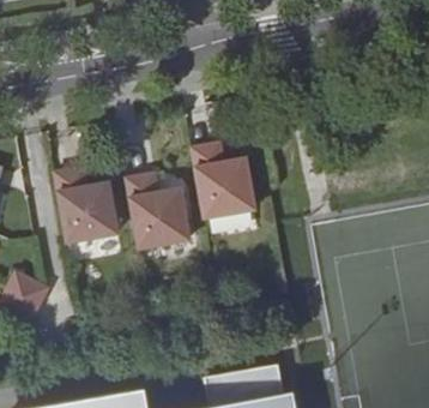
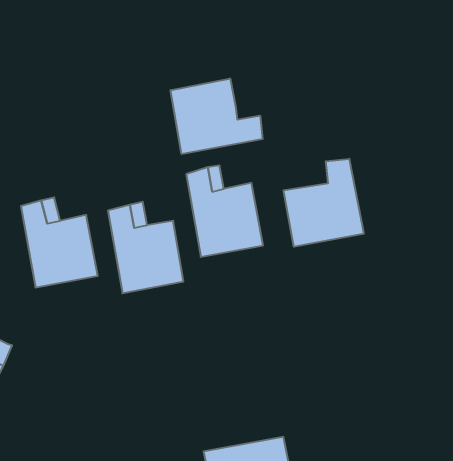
building: none -> [171,78,263,154]
building: none -> [284,159,364,247]

